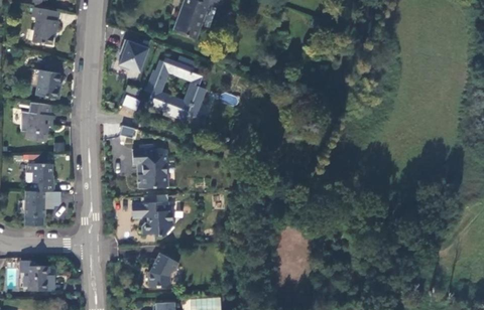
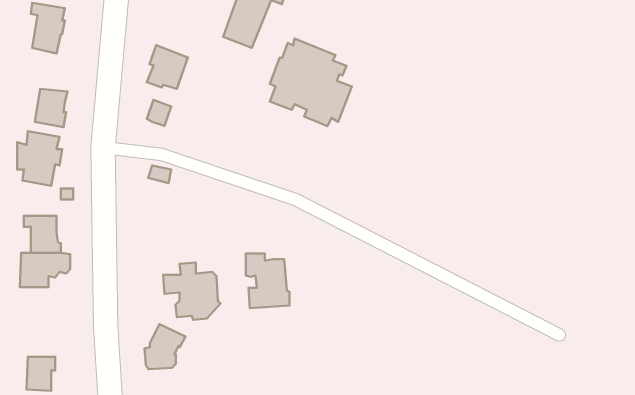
building: [147,54,208,119] -> [270,39,352,126]
building: [134,149,166,189] -> [246,254,289,308]
building: [147,256,177,289] -> [144,324,185,369]

